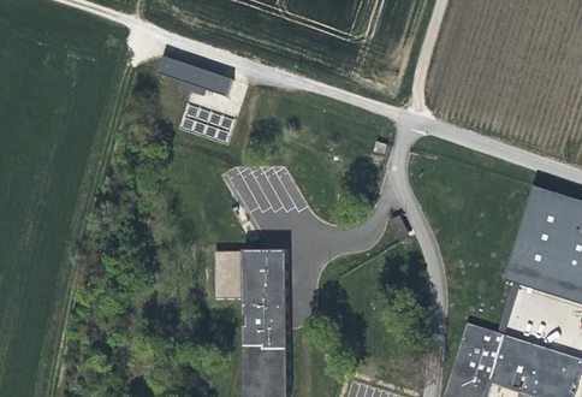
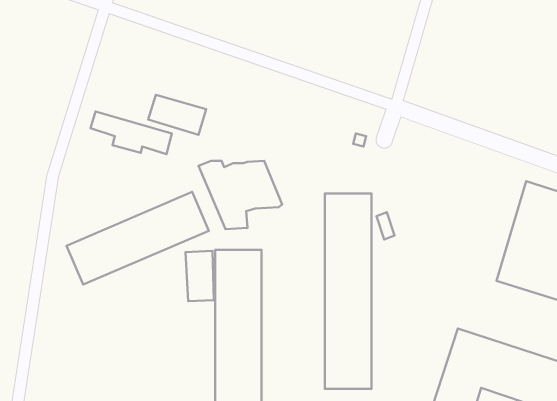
building: [158,57,233,96] -> [90,112,172,154]
building: none -> [67,192,209,285]
building: none -> [325,194,372,389]

